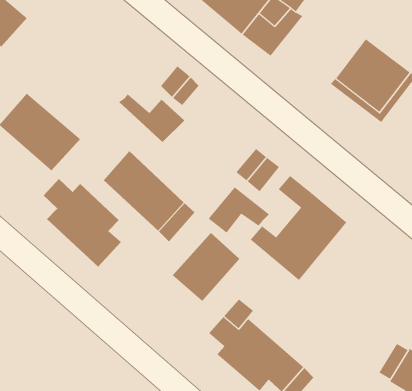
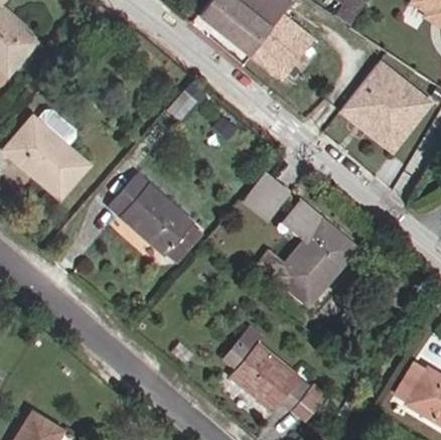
building: [118,94,185,143] -> none
building: [43,178,122,267] -> none
building: [208,186,270,233] -> none
building: [172,232,240,302] -> none

